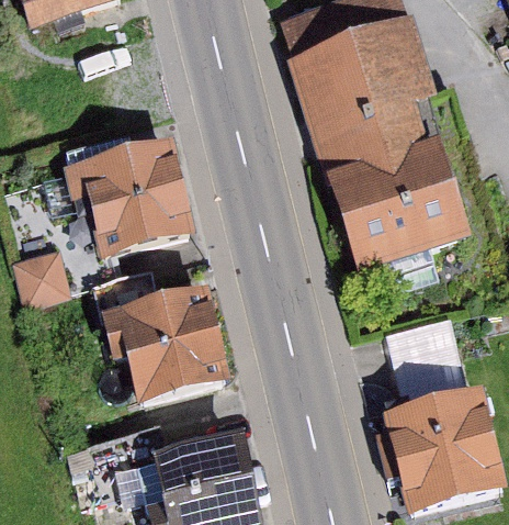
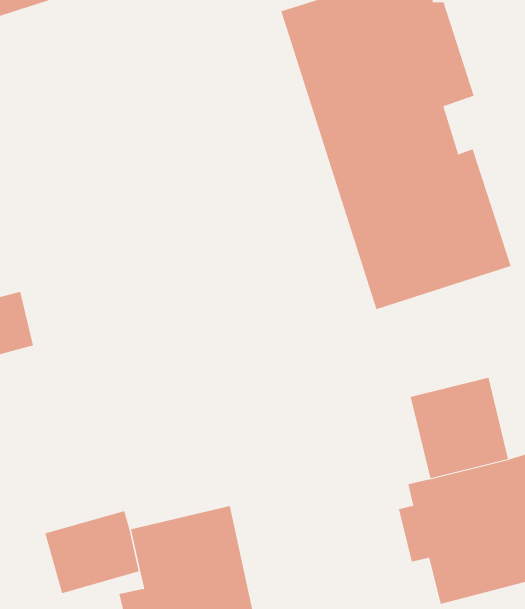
building: [63,141,193,258] -> none
building: [93,275,229,399] -> none

